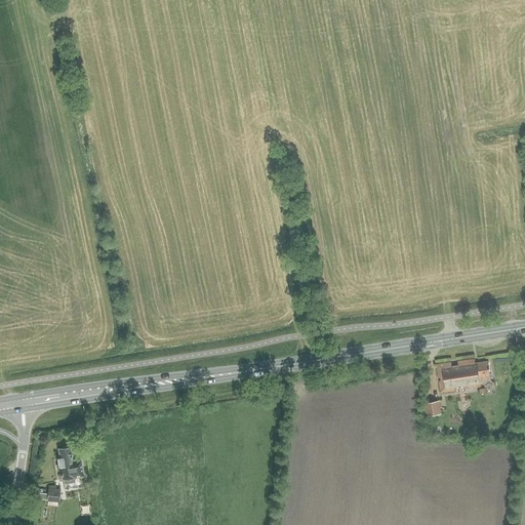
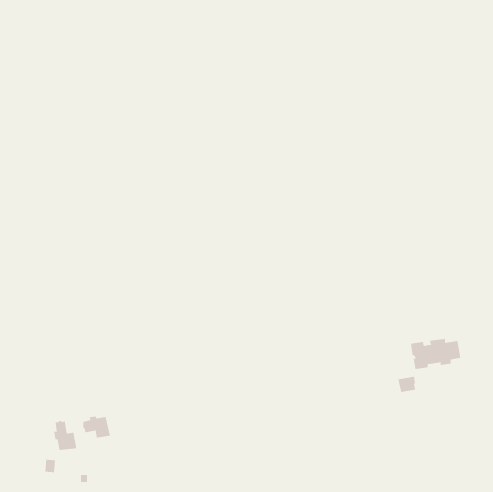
building: none -> [82,416,110,439]

